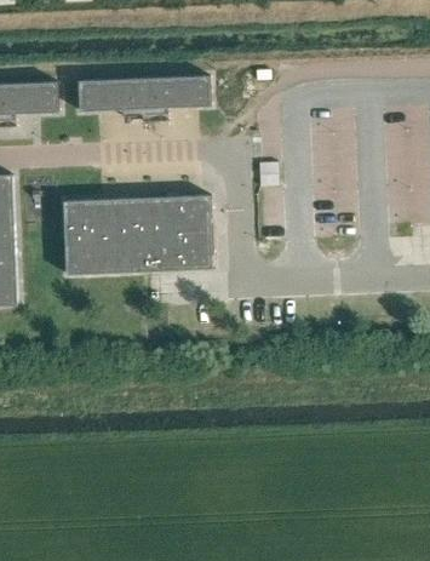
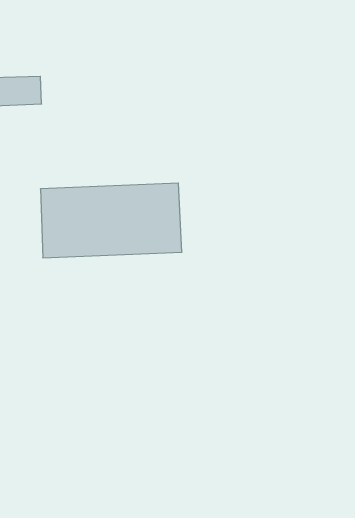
building: [84,76,216,111] -> none

